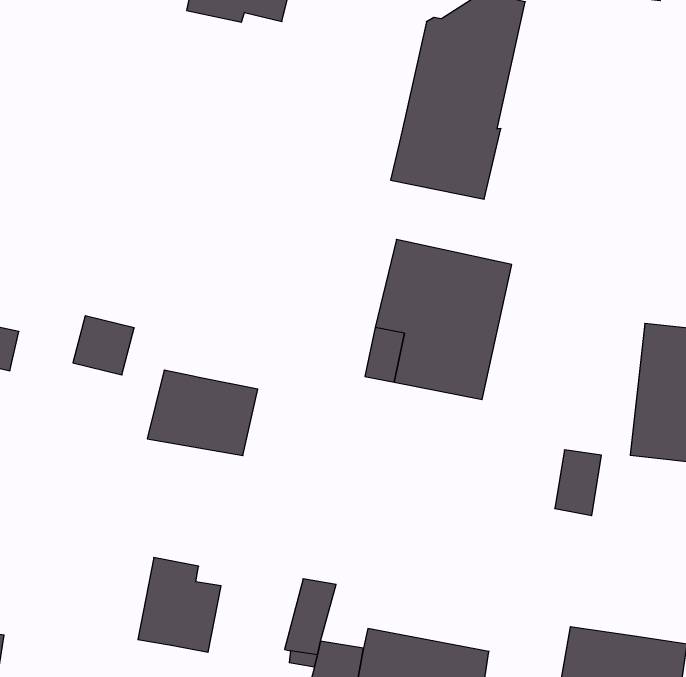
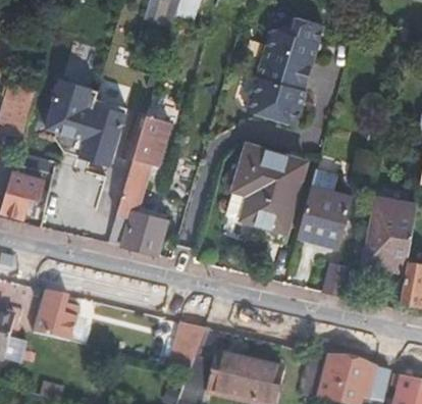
building: none -> [45,78,126,163]
building: none -> [119,114,175,210]
building: none -> [299,168,350,245]
building: [138,558,221,652] -> [33,288,78,340]

